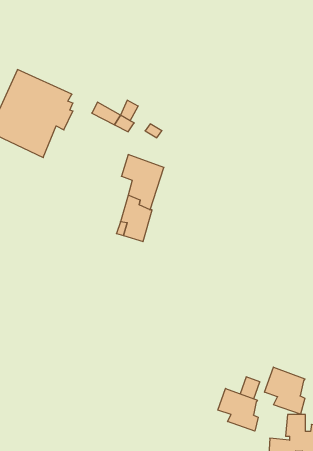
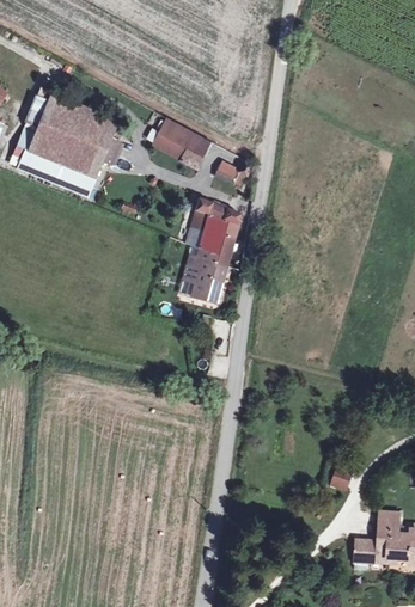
building: none -> [153,115,189,148]
building: [265,367,305,414] -> none
building: [218,388,258,431] -> none

